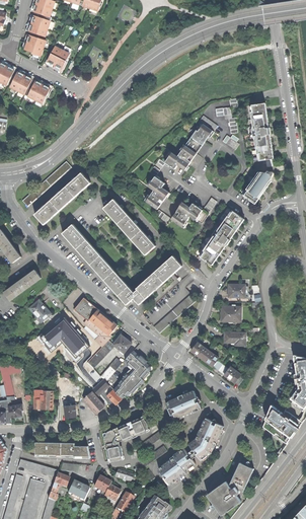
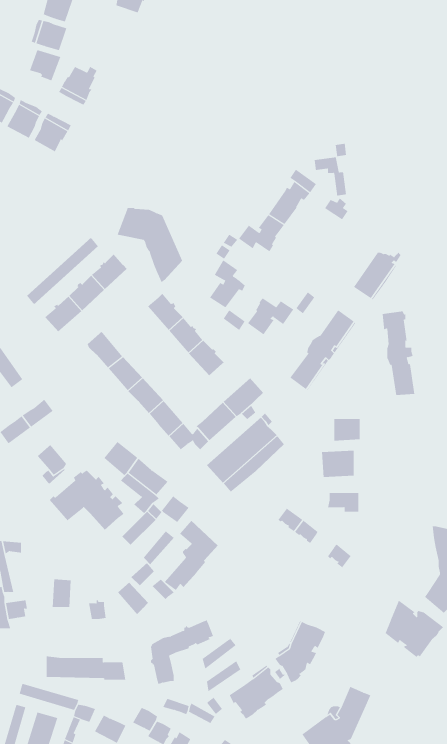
building: [248,103,271,160] -> [382,311,415,396]
building: none -> [117,207,183,283]
building: [166,390,201,420] -> none

